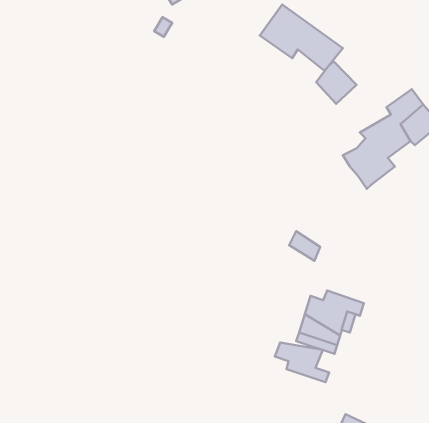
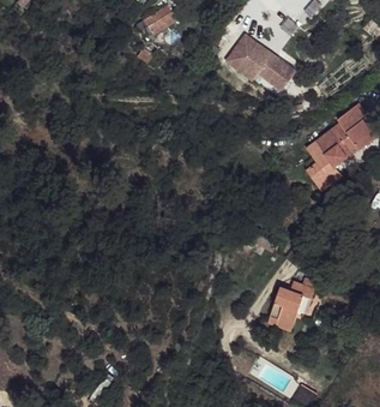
building: [316,61,357,104] -> none
building: [275,343,329,382] -> none

